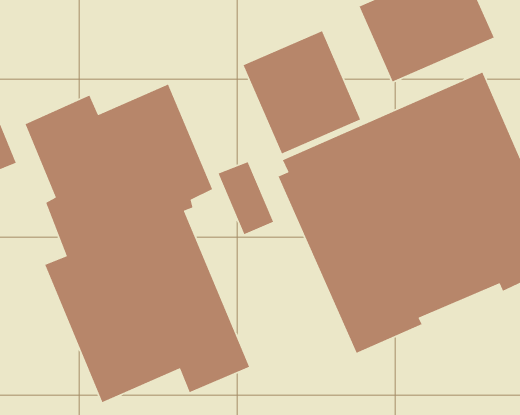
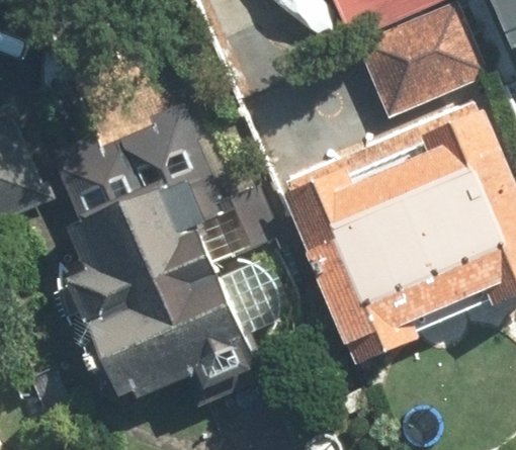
building: [243,30,361,155] -> none

